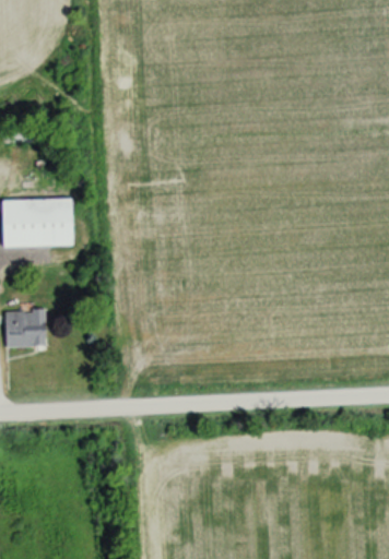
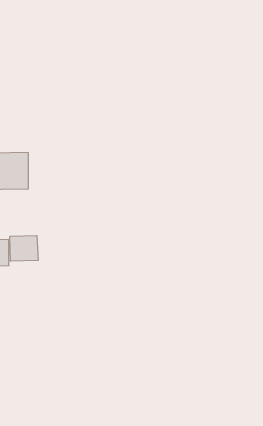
building: none -> [10,236,38,261]

